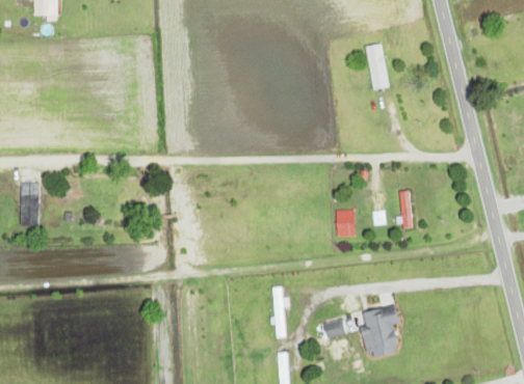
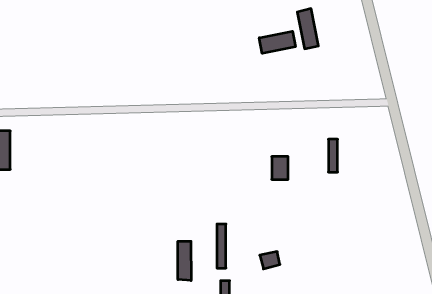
building: none -> [259,31,295,53]
building: [359,304,399,357] -> none
building: none -> [178,241,191,281]

